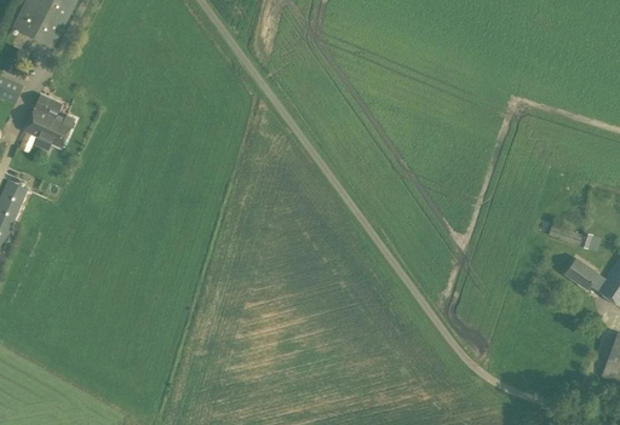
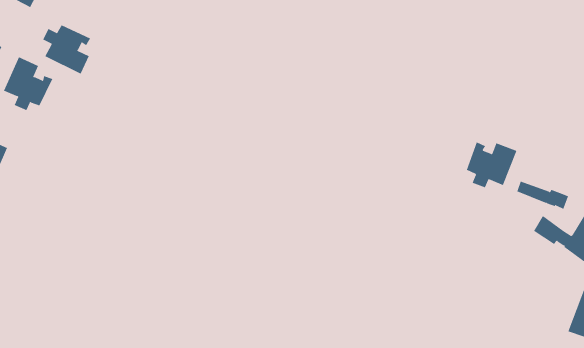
building: none -> [42,24,91,74]
building: none -> [466,142,517,188]

